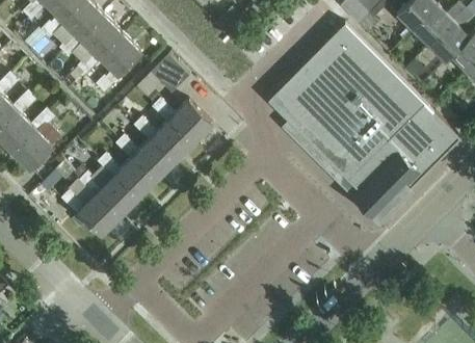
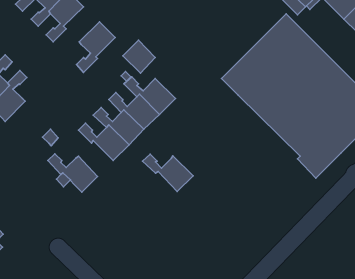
building: [77,17,122,76] -> none
building: [9,110,54,172] -> none
building: [78,174,138,218] -> [142,154,193,192]

